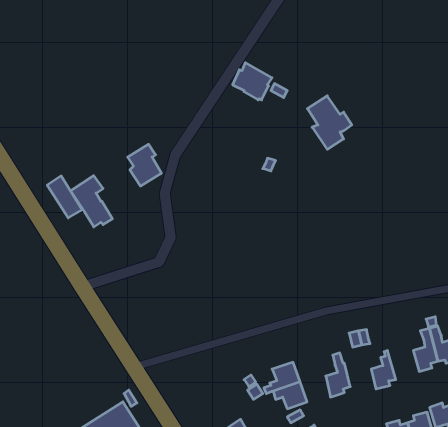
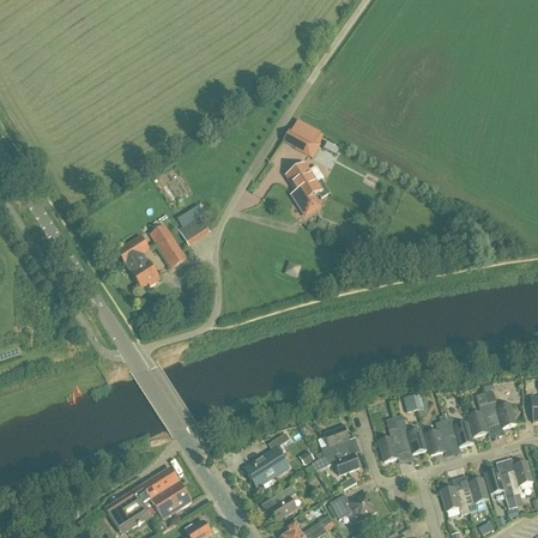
building: [307,96,352,149] -> [284,161,330,216]
building: [47,176,82,218] -> [150,223,186,266]
building: none -> [442,410,473,446]
building: none -> [398,424,425,453]
building: none -> [243,433,289,486]

